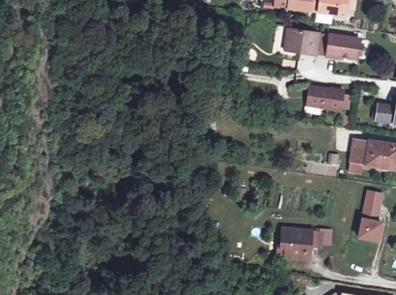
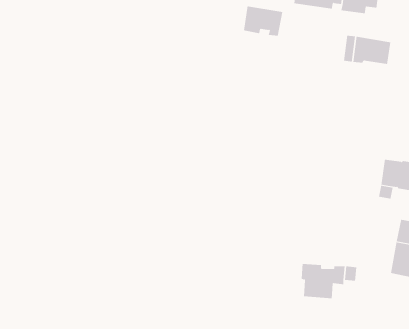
building: [285,27,319,53] -> [243,6,283,36]
building: [308,85,344,110] -> none

